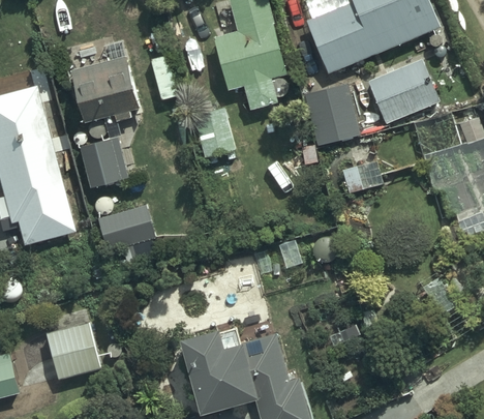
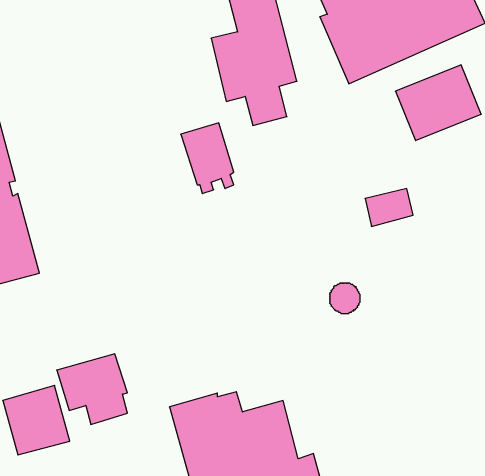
building: [62,35,140,123] -> none
building: [304,80,364,146] -> none
building: [80,138,128,188] -> none
building: [97,206,155,264] -> [57,354,127,424]

